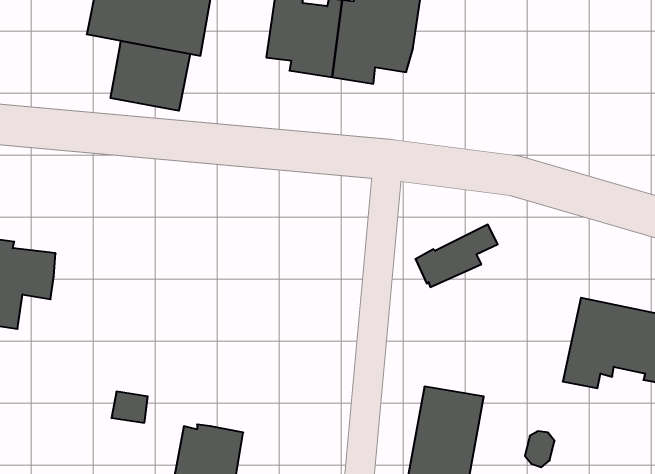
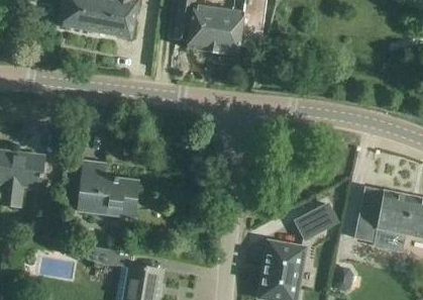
building: [111,41,190,111] -> none
building: [415,225,498,287] -> [292,199,342,237]
building: none -> [79,161,139,215]

